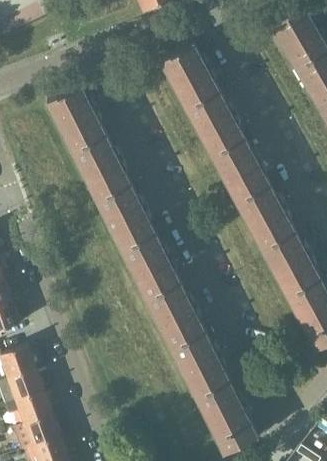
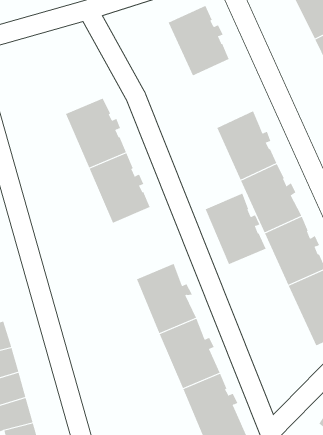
building: [45,83,104,150] -> none
building: [185,90,243,154] -> none
building: [120,231,179,298] -> [205,193,266,265]

